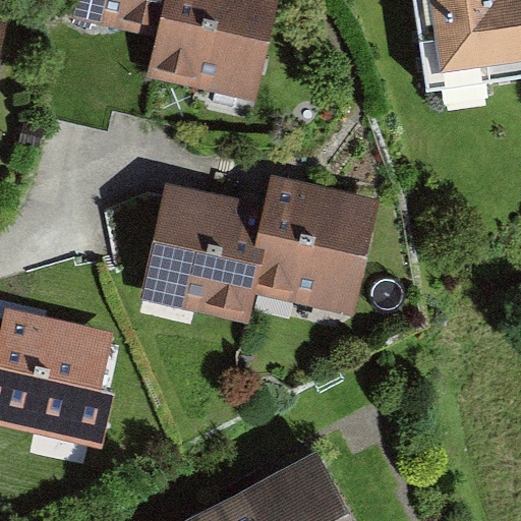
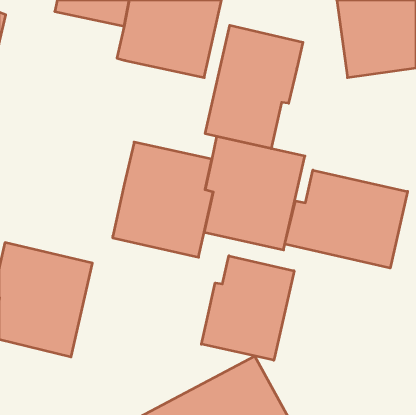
building: none -> [205,25,303,149]
building: none -> [285,170,408,268]
building: none -> [201,256,294,360]

